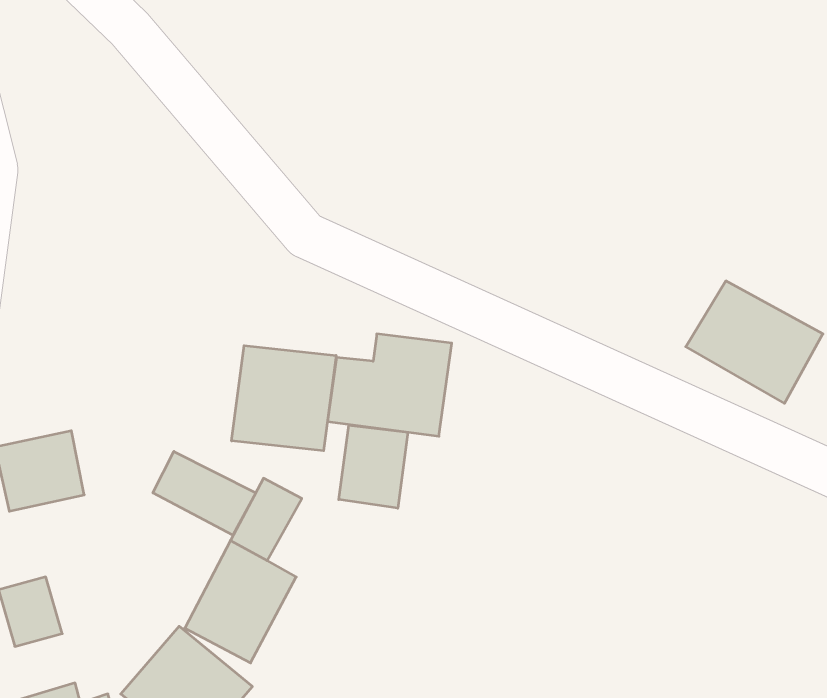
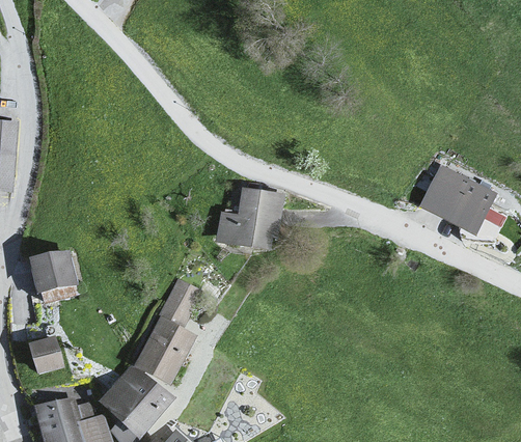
building: [232,346,336,451] -> none
building: [339,425,408,508] -> none
building: [153,451,256,535] -> none

